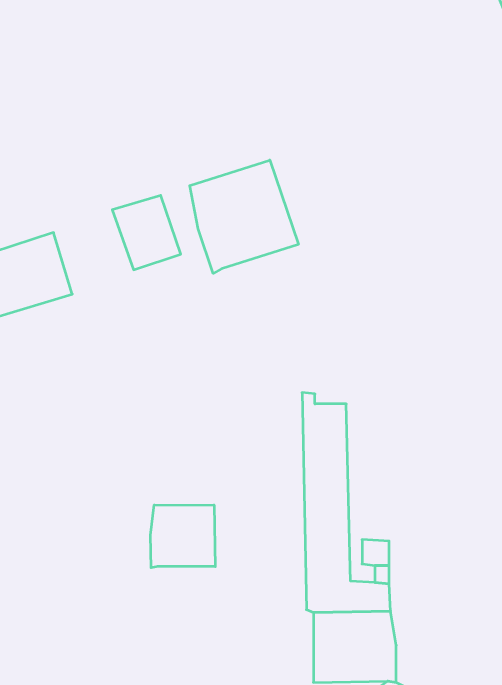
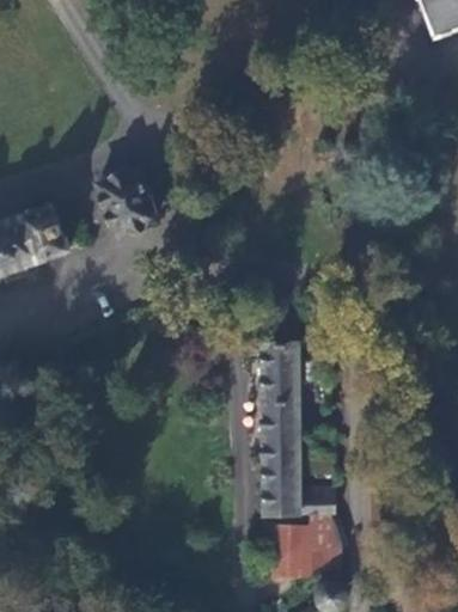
building: [190,160,298,273] -> none
building: [150,505,215,568] -> none

